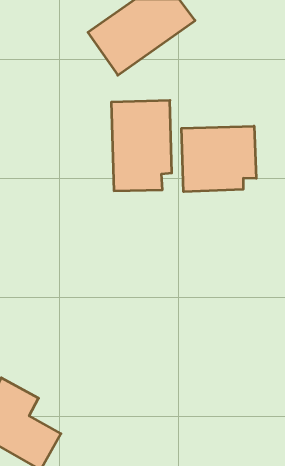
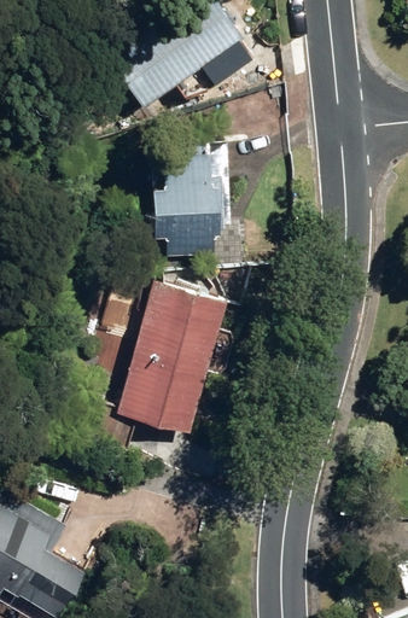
building: [182,126,256,192] -> none
building: none -> [112,285,222,439]

